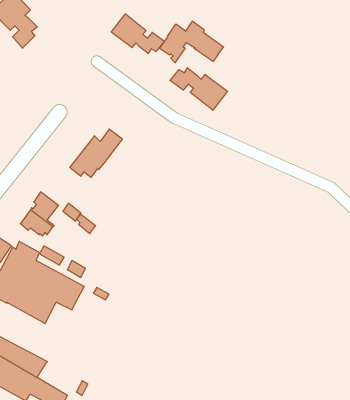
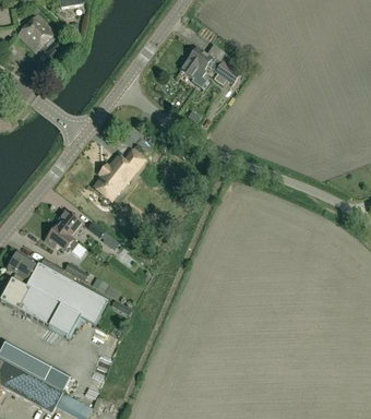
building: [111,14,164,54] -> none
building: [170,68,228,110] -> none

